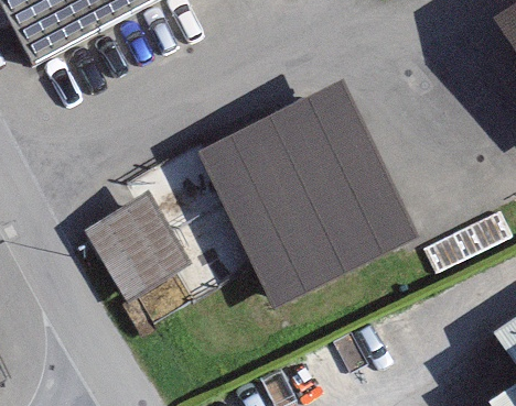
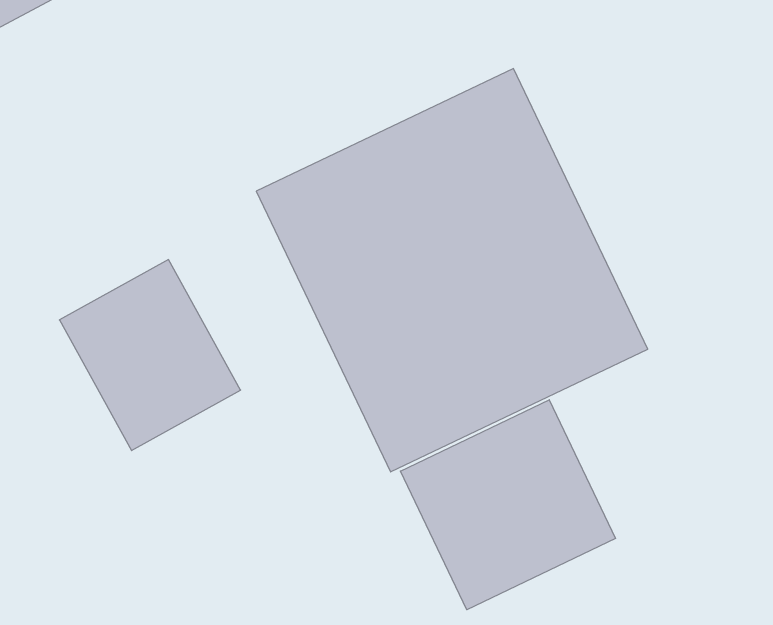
building: none -> [400,400,616,610]

